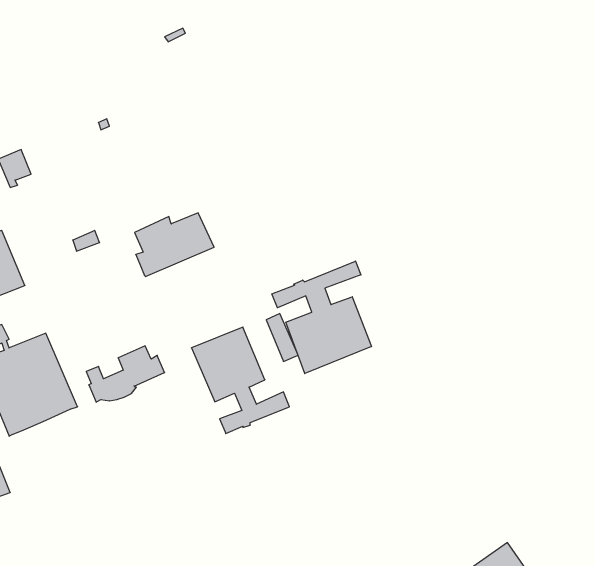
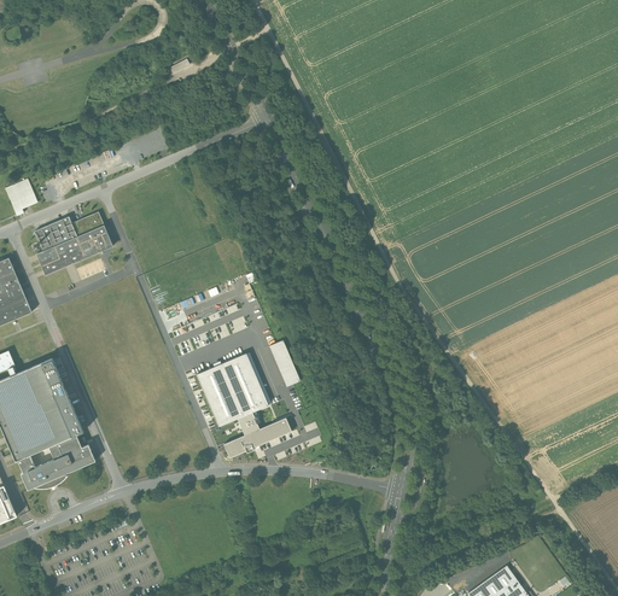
building: [135,213,214,277] -> [34,211,112,274]
building: [272,261,371,374] -> none
building: [86,346,165,402] -> [17,433,94,489]

